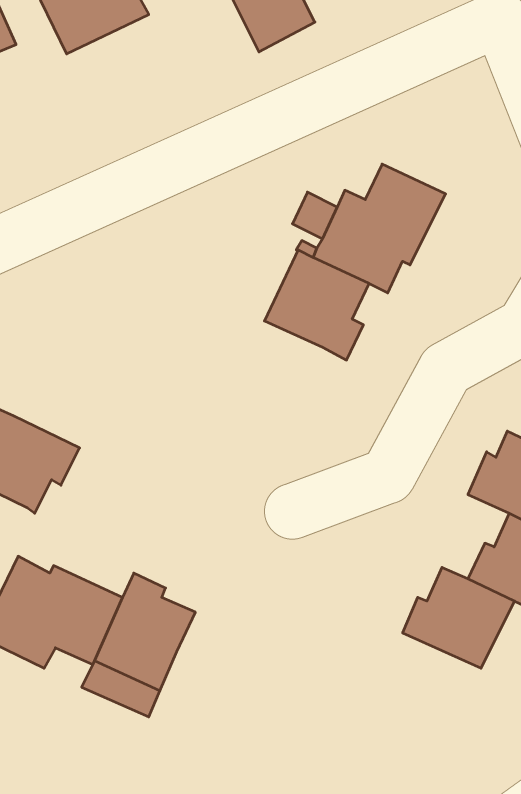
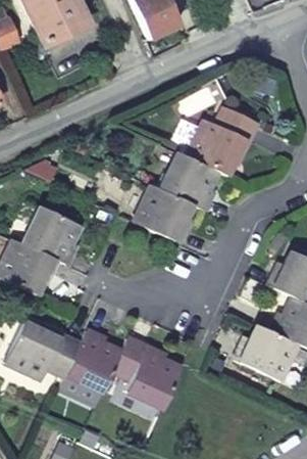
building: none -> [134,185,191,241]
building: none -> [22,205,81,263]
building: none -> [111,336,181,408]

